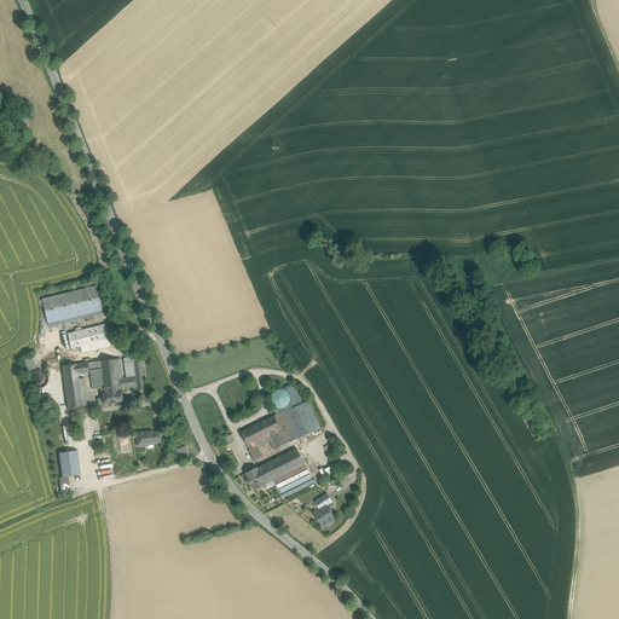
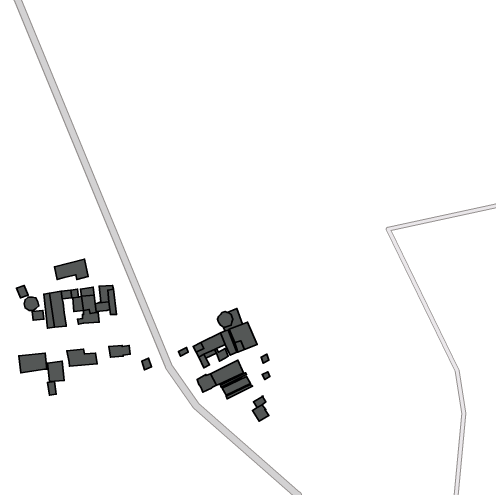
building: [42,285,102,322] -> none
building: none -> [67,349,97,366]
building: none -> [19,353,47,373]

